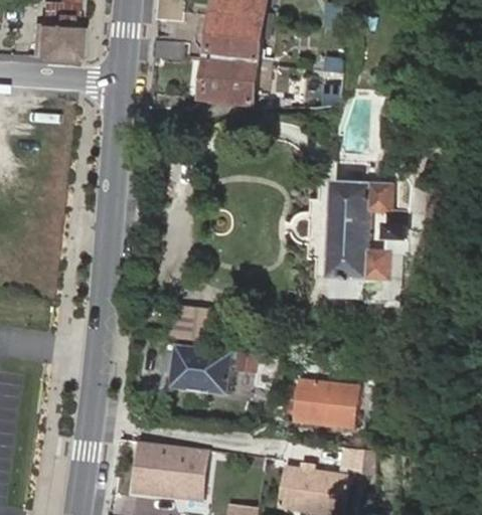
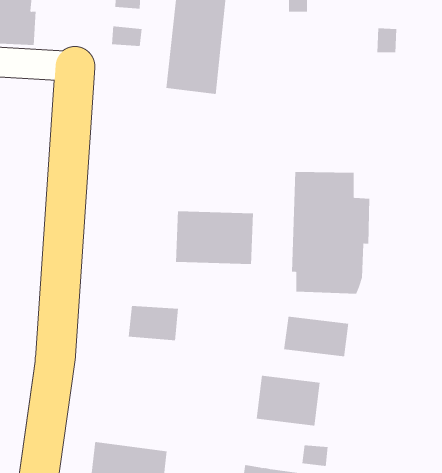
building: none -> [176,210,253,265]
building: none -> [284,316,349,357]
building: [170,345,256,395] -> none

